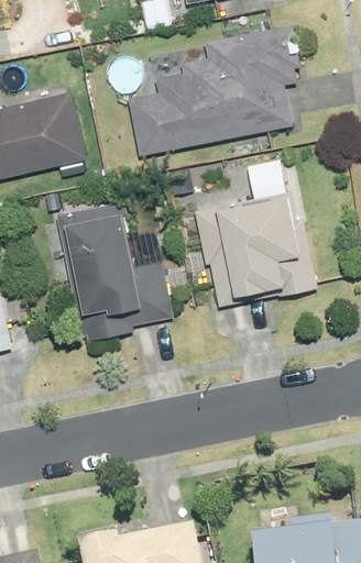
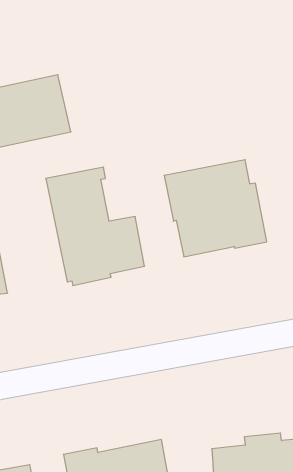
building: [129,27,299,156] -> none

